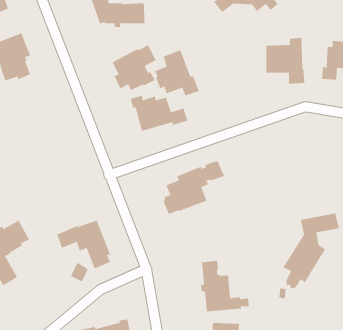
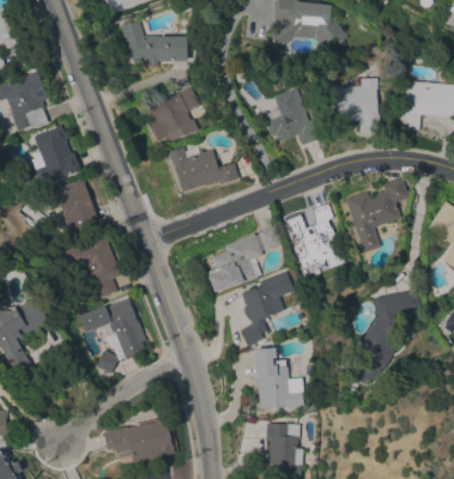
building: [154,50,200,96] -> [264,89,319,145]
building: none -> [34,125,79,187]
building: none -> [345,177,410,253]
building: none -> [54,180,99,235]
building: none -> [285,204,344,269]
building: none -> [57,236,119,298]
building: none -> [240,272,293,346]

